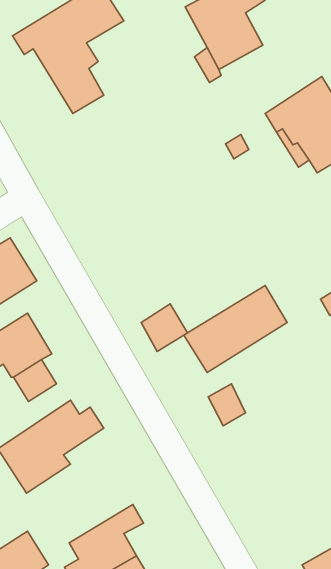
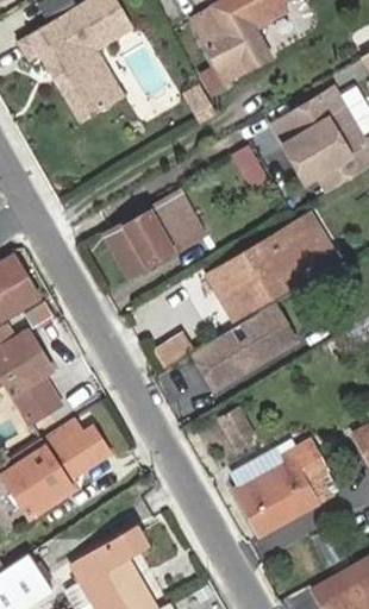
building: none -> [108,193,204,275]
building: none -> [209,214,336,316]
building: none -> [231,448,333,535]

